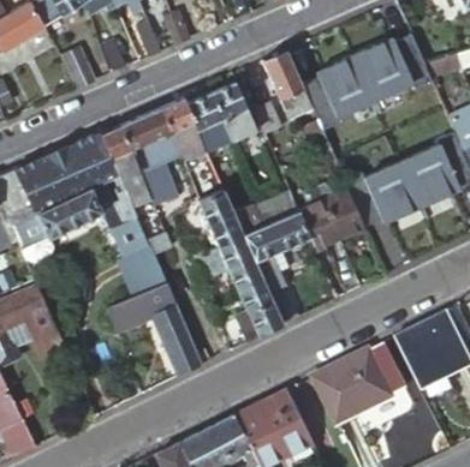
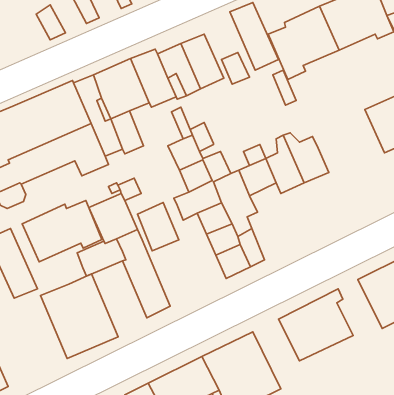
building: [344,161,422,226] -> none
building: none -> [22,201,102,262]
building: none -> [137,203,179,251]
building: none -> [40,274,118,358]

